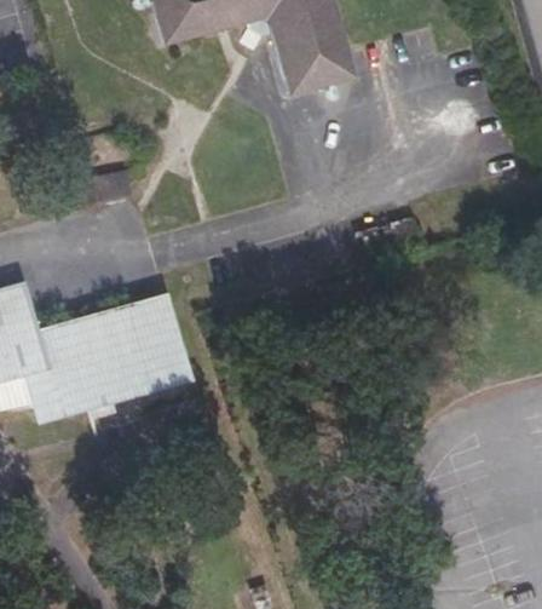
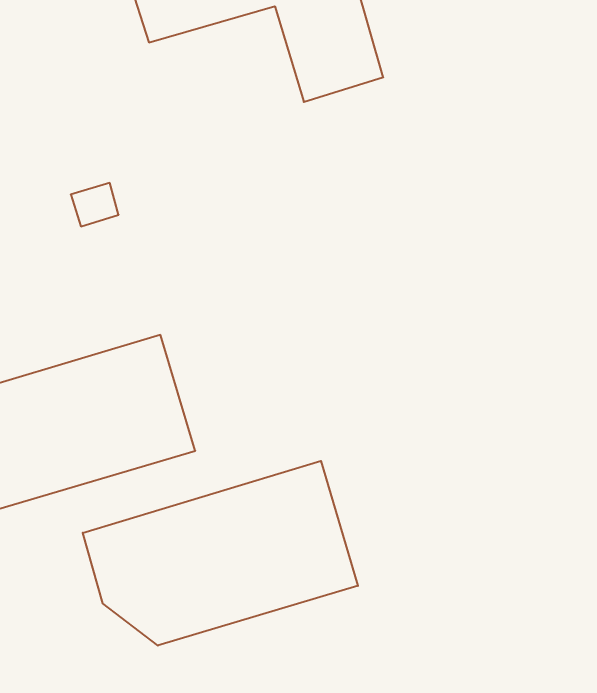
building: none -> [83,461,358,646]

